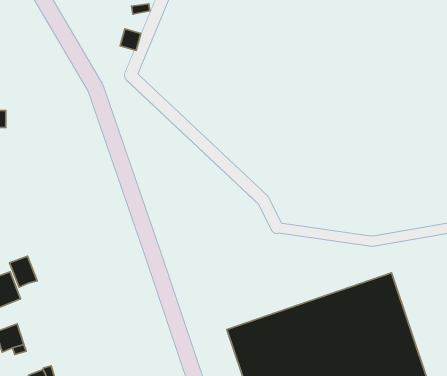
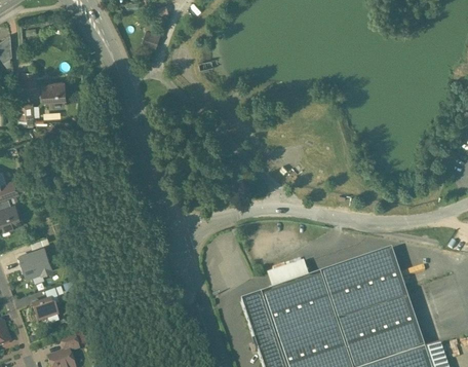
building: none -> [43,82,65,102]
building: [10,256,37,287] -> none

